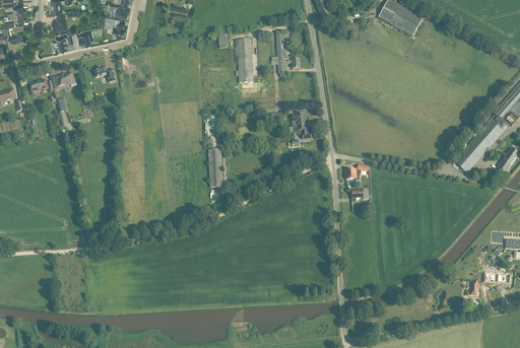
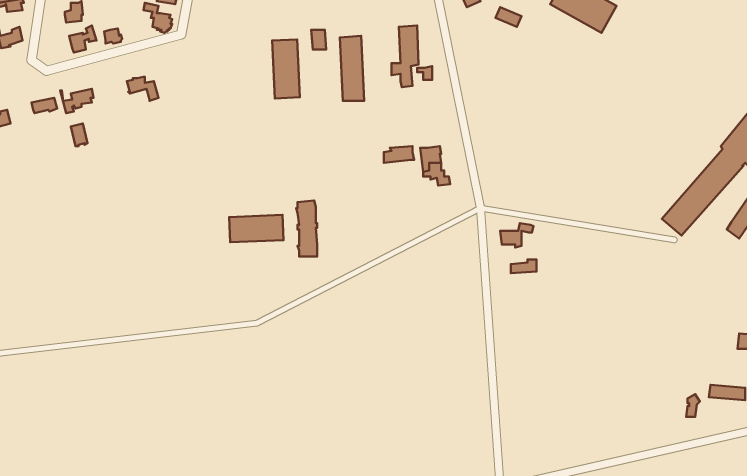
building: none -> [272,39,300,98]
building: none -> [229,215,283,242]

